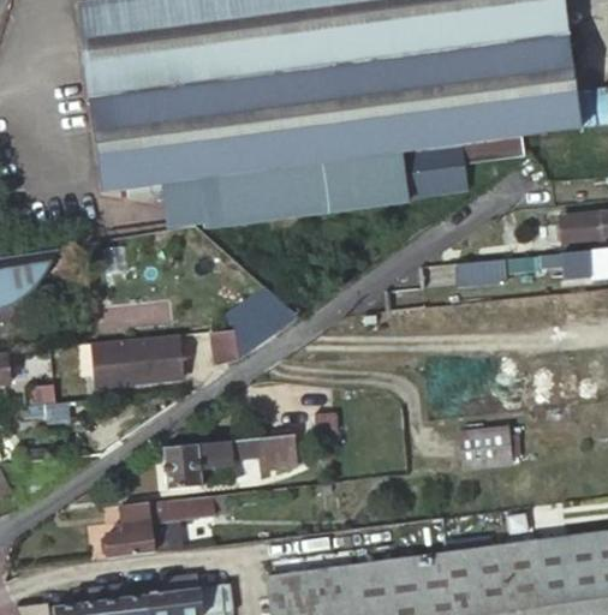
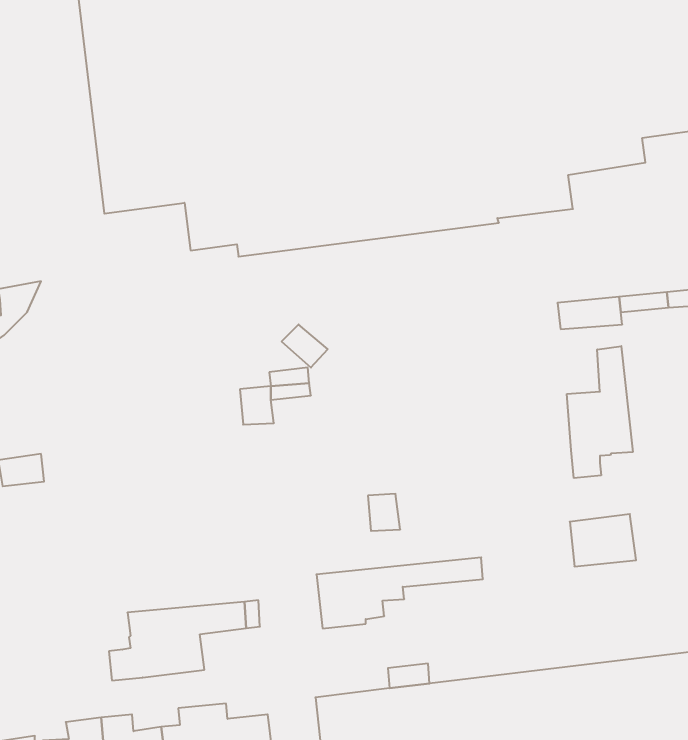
building: none -> [567,346,633,478]
building: [93,334,180,383] -> none
building: [163,436,293,491] -> [316,557,483,628]

